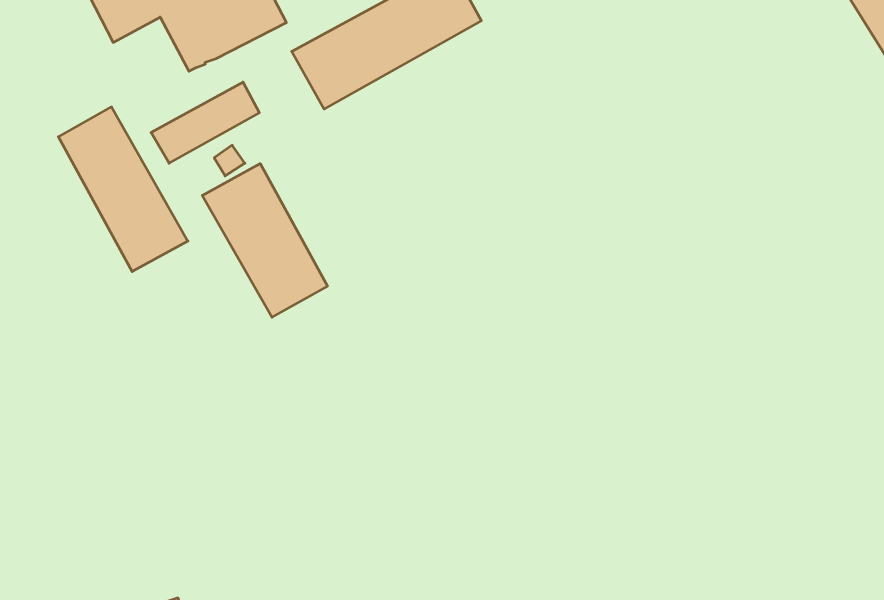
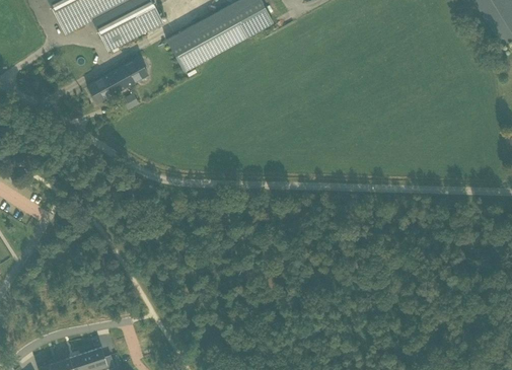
building: [58,107,188,272] -> none
building: [202,164,327,317] -> none

